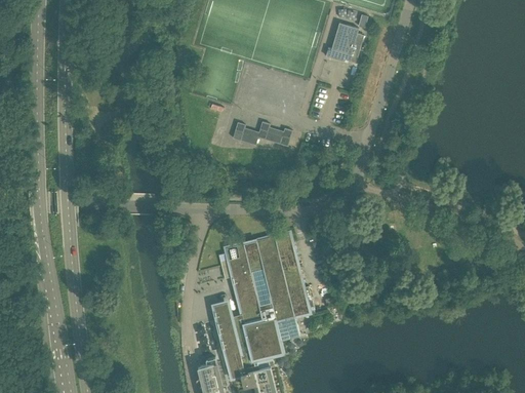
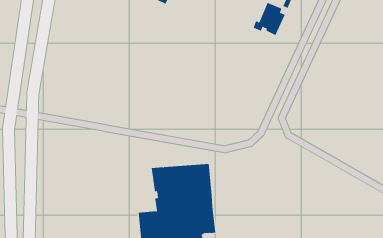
building: [229,122,287,145] -> none

